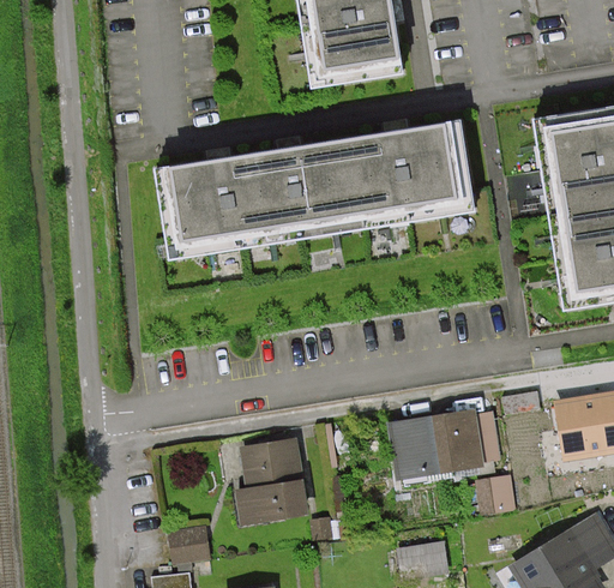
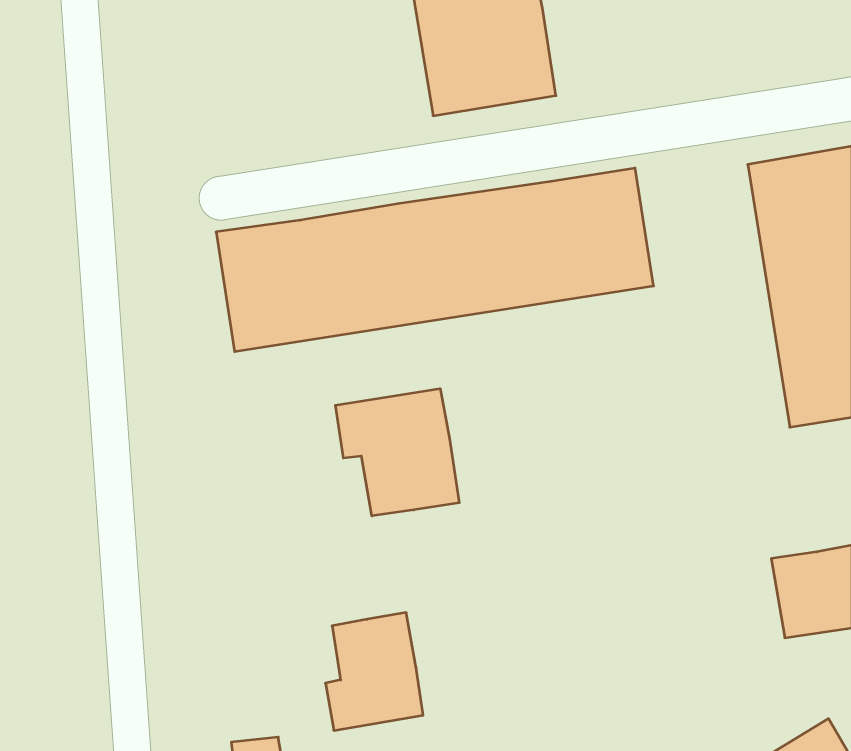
building: none -> [335,389,459,516]
building: [392,410,498,475] -> none
building: [477,467,520,509] -> none

